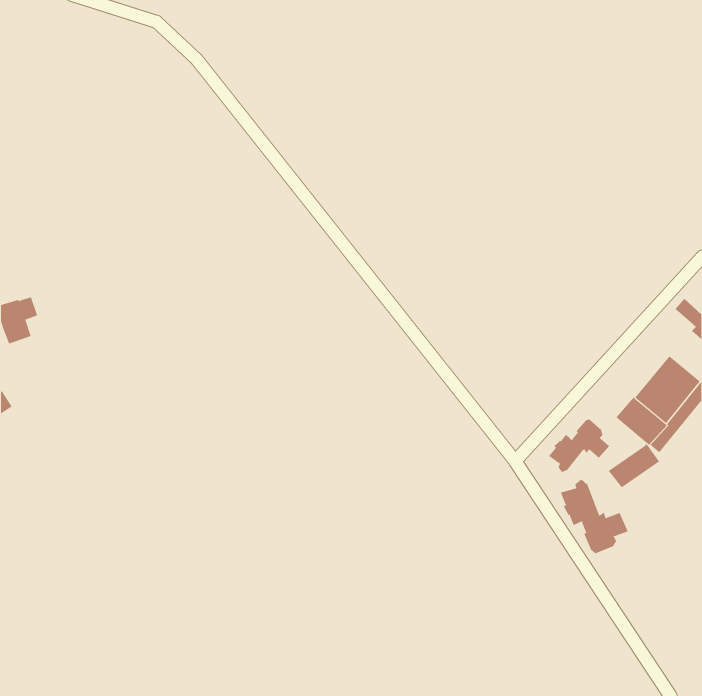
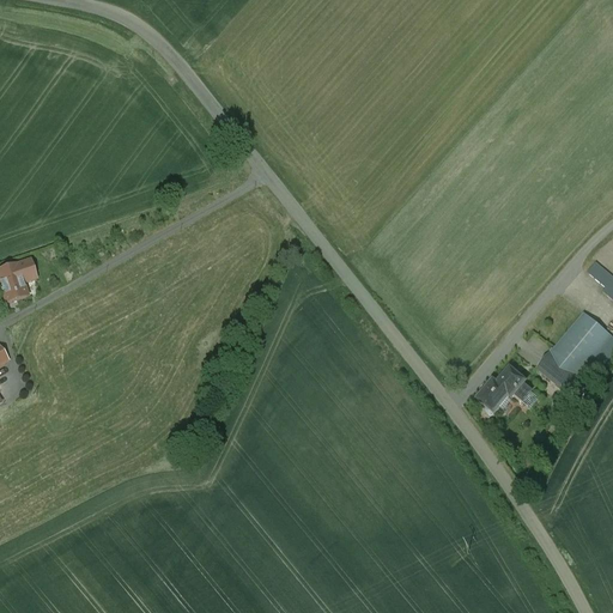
building: [608,444,660,489] -> none
building: [560,479,628,554] -> none

